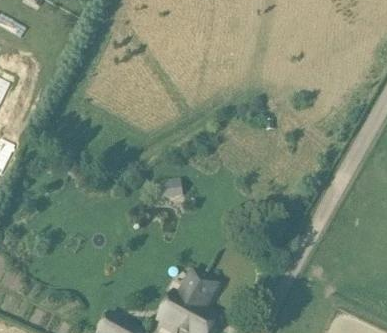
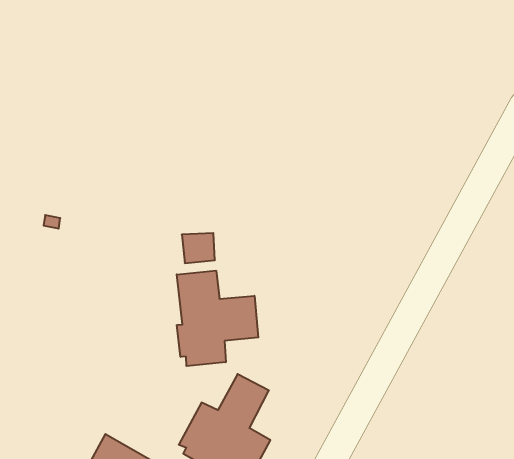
building: none -> [177,271,258,366]

